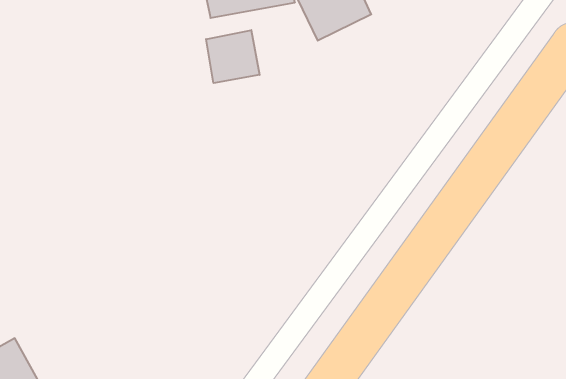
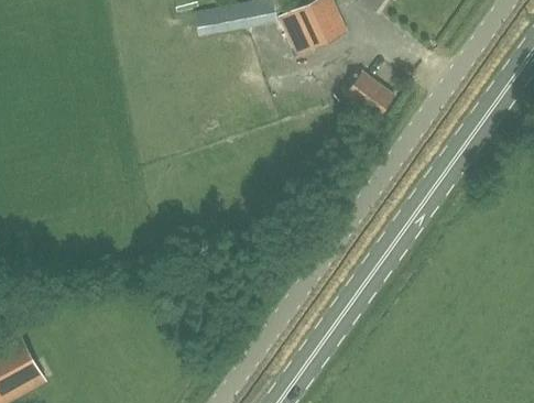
building: [206,30,260,83] -> none
building: none -> [344,73,393,120]

